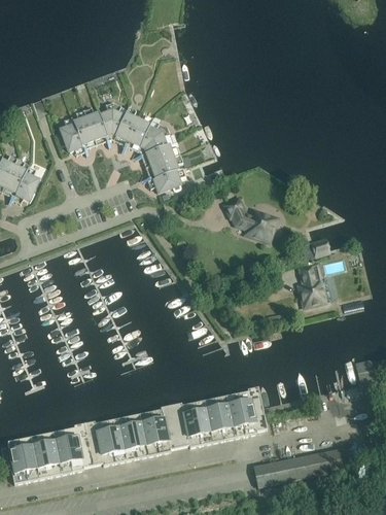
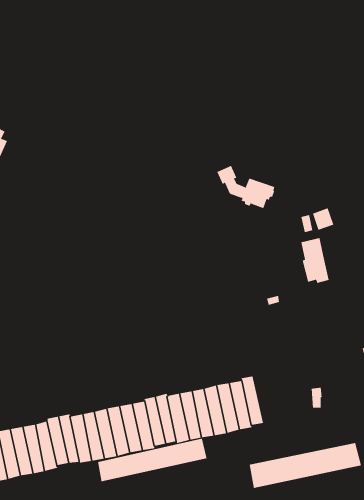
building: [61,101,185,191] -> none
building: none -> [97,438,207,482]

